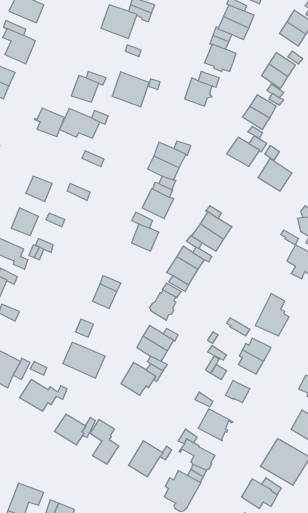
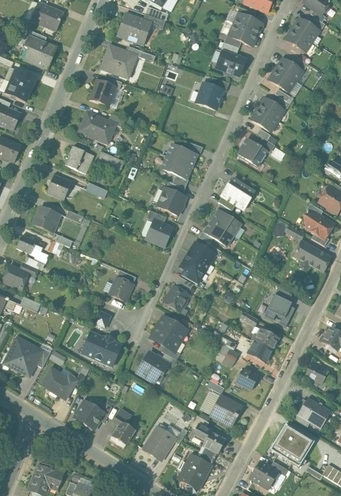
building: [112,72,149,107] -> [101,45,136,78]
building: [35,108,64,137] -> [65,146,93,173]
building: [258,158,292,191] -> [222,177,254,208]

